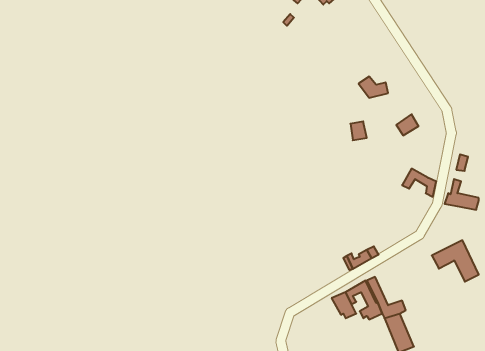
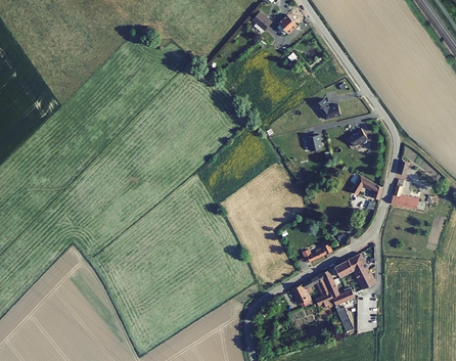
building: [432,240,479,282] -> [335,254,376,289]

